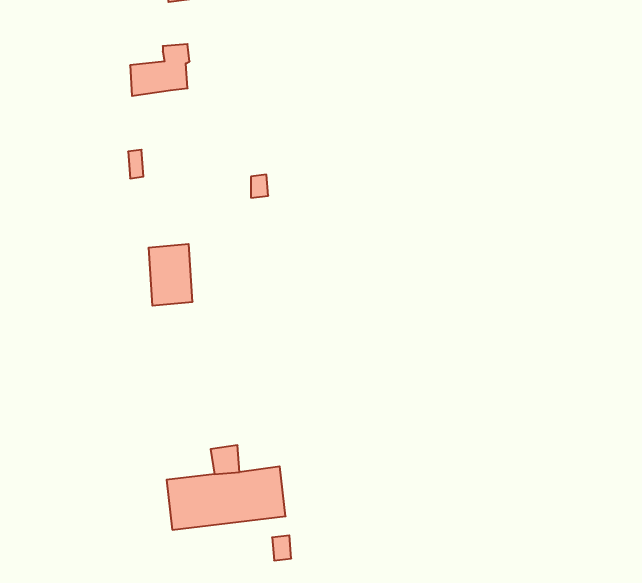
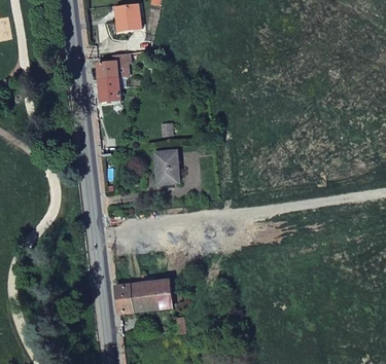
building: none -> [98,78,120,103]
building: [148,244,193,306] -> [154,151,178,184]

